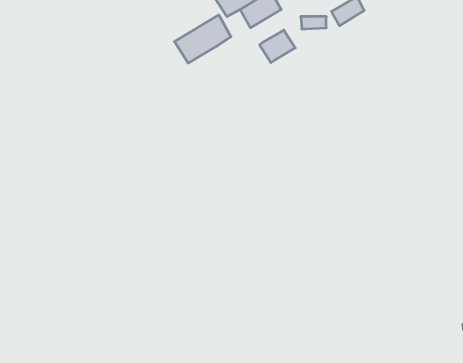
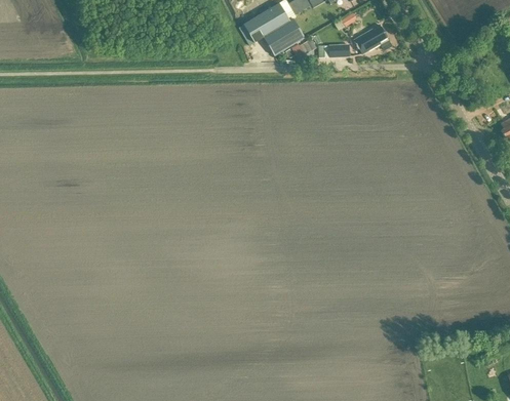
building: [174,15,231,63] -> none
building: [260,30,295,63] -> none

